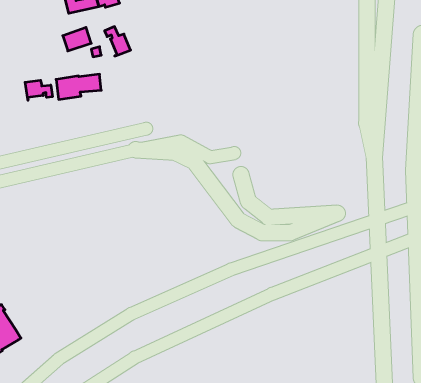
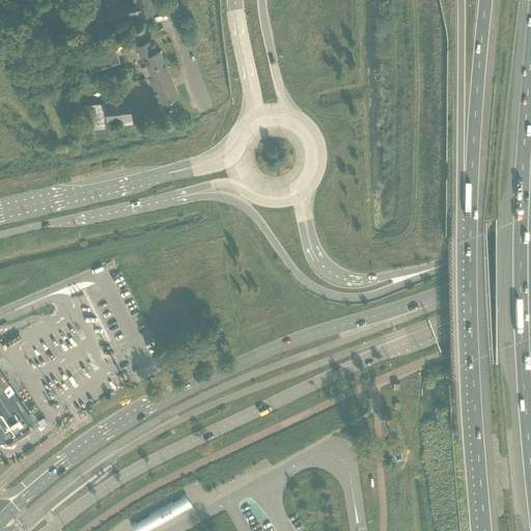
building: none -> [149,72,178,105]
building: [25,80,52,100] -> none

